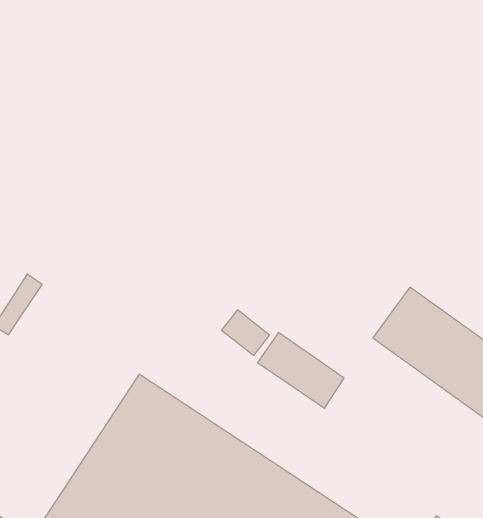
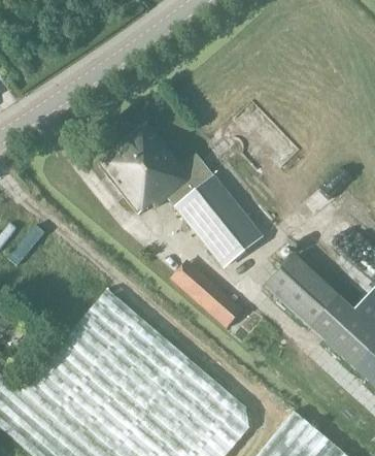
building: none -> [99,124,263,267]

